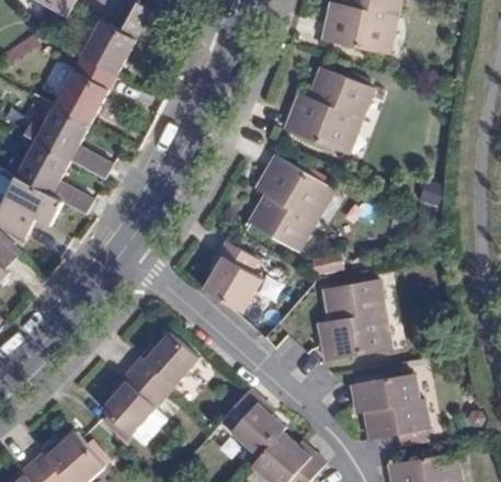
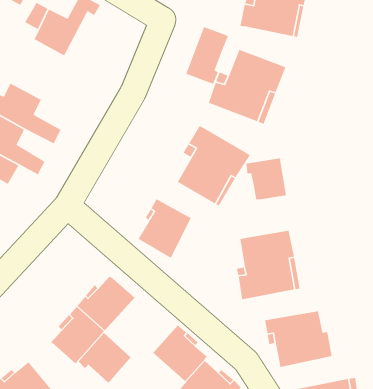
building: none -> [185,26,229,85]
building: [53,56,116,126] -> none
building: none -> [246,158,287,200]
building: none -> [78,332,132,384]

